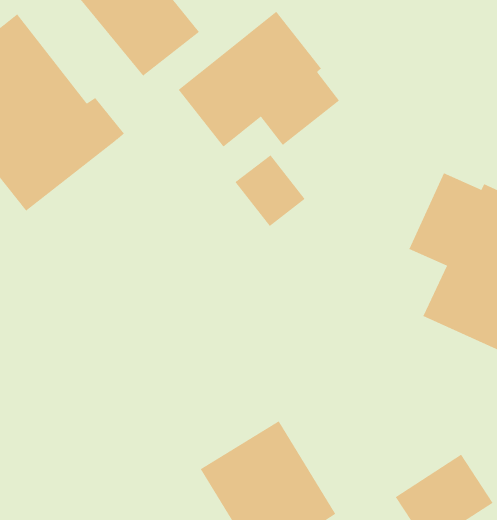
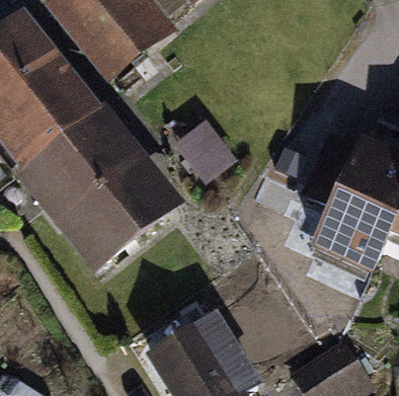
building: [178,11,340,148] -> none
building: none -> [28,117,170,264]

